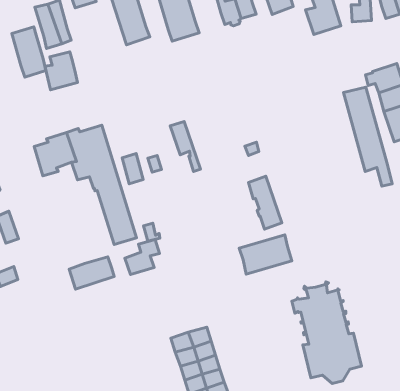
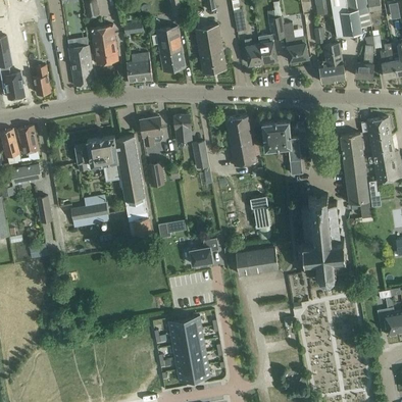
building: [45,52,78,90] -> [125,52,151,82]
building: none -> [261,119,301,173]
building: none -> [225,115,256,166]
building: none -> [173,113,191,141]
building: none -> [140,116,161,145]
building: [125,239,159,274] -> [189,238,218,264]
building: [69,257,114,289] -> [70,203,107,227]
building: [292,282,362,384] -> [296,194,347,280]

